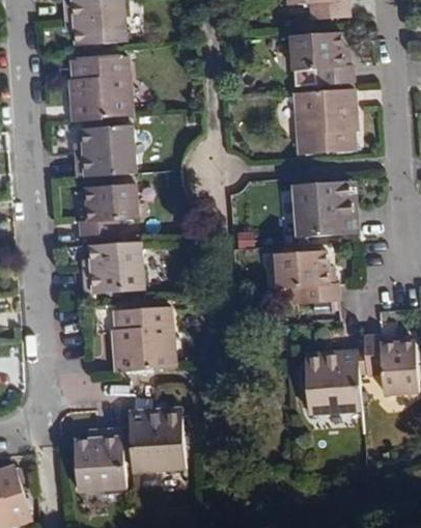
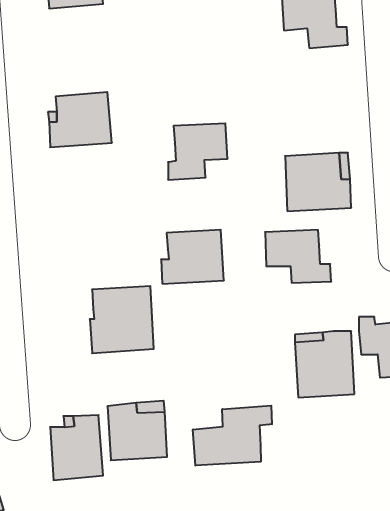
building: [69,58,130,121] -> none
building: [297,89,358,154] -> none
building: [80,185,136,238] -> [168,123,228,180]
building: [83,242,142,293] -> [161,230,224,284]
building: none -> [193,406,272,466]

